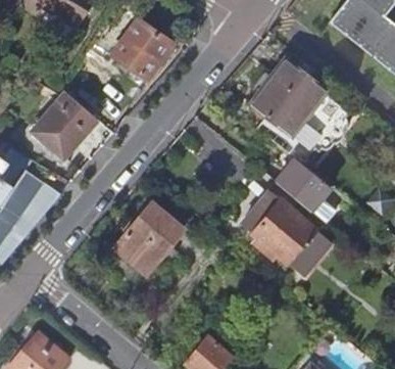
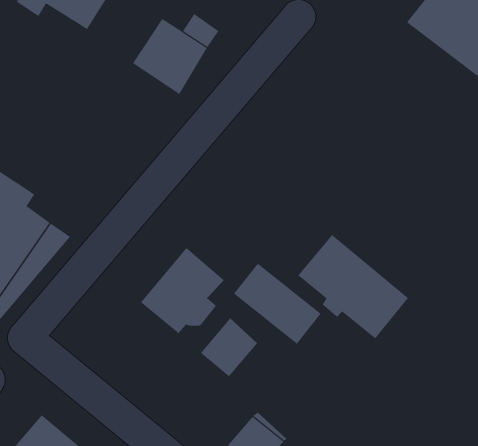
building: [249,59,347,151] -> none
building: [32,92,98,158] -> none
building: [276,152,346,218] -> [233,263,322,345]
building: none -> [200,317,258,377]

